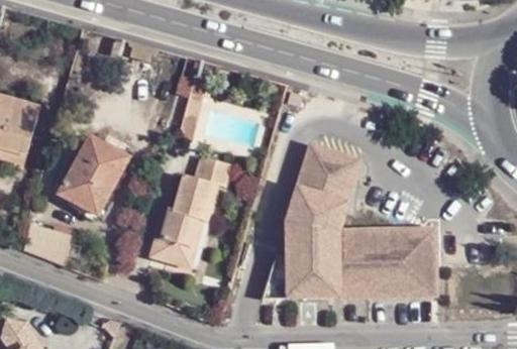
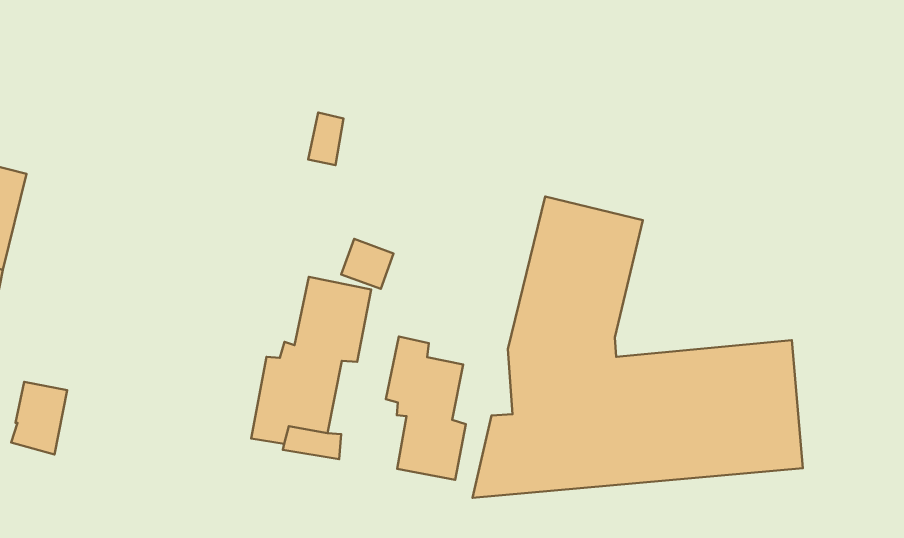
building: [59,136,129,215] -> none
building: none -> [386,336,466,480]

